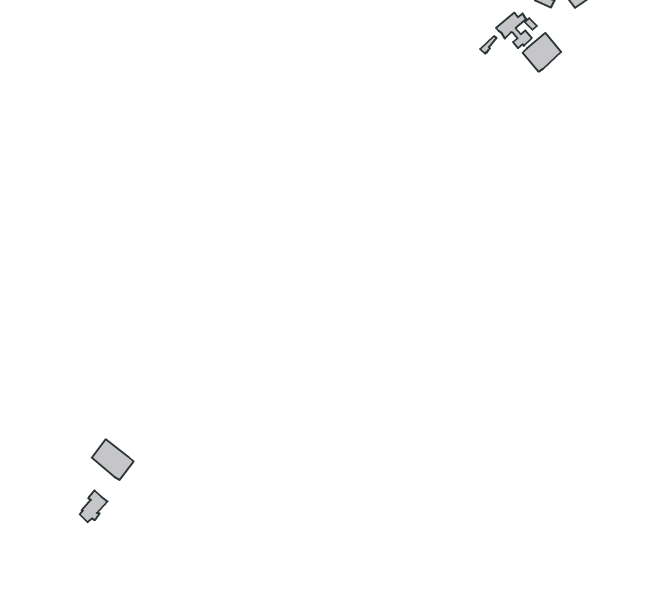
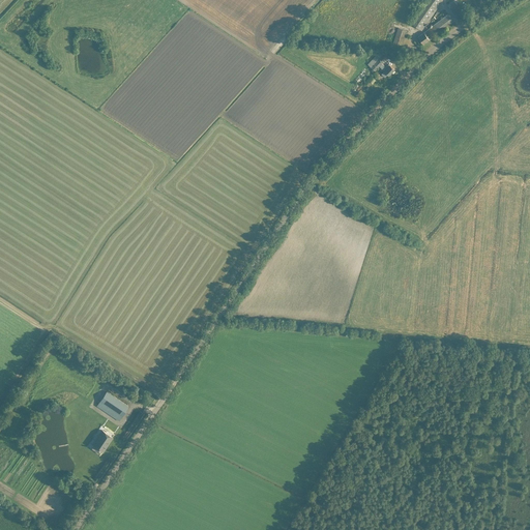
building: [523,33,561,72] -> none

